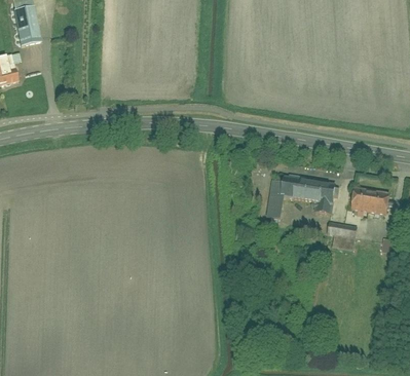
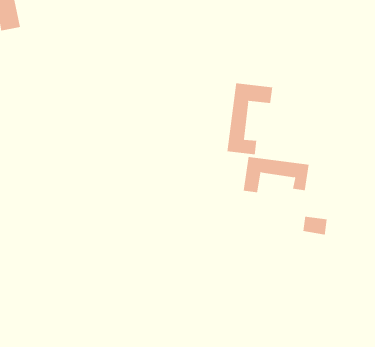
building: none -> [227,82,273,155]
building: [348,191,384,217] -> none

